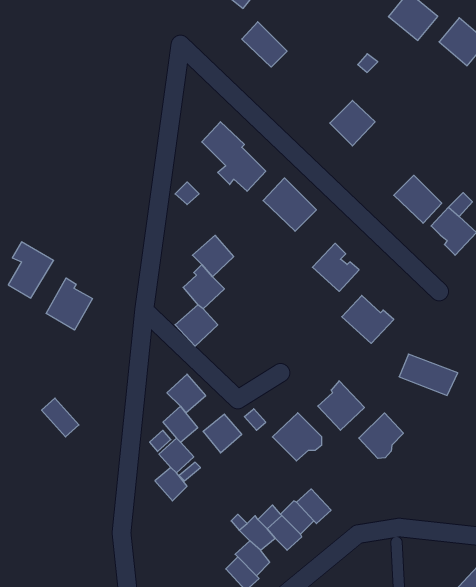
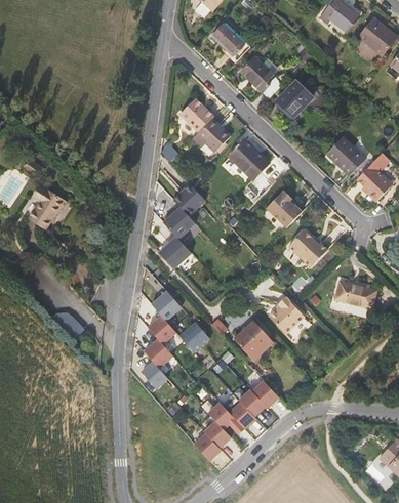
building: none -> [243,56,274,91]
building: [46,278,92,330] -> none
building: [359,413,403,458] -> none

